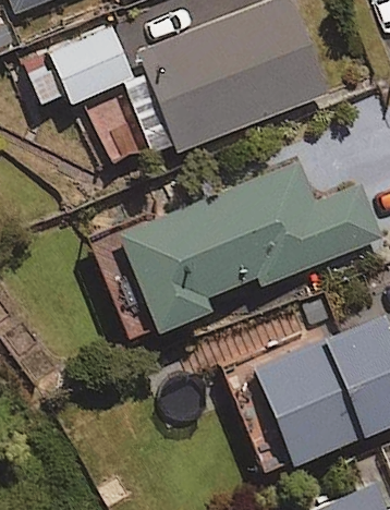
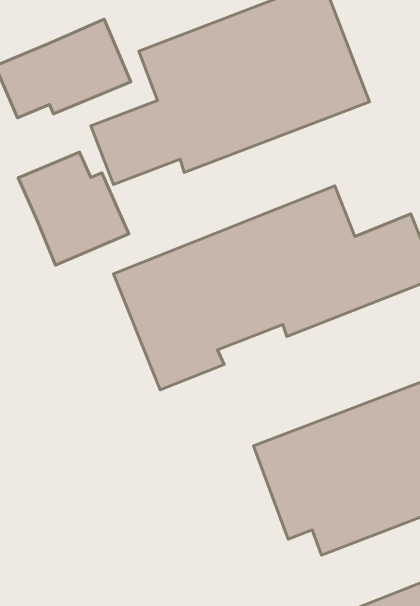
building: none -> [18,152,129,265]

